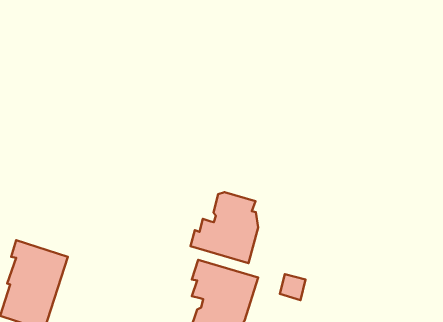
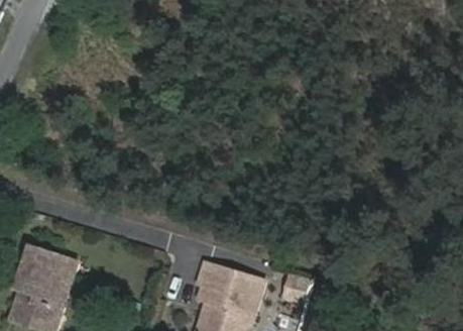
building: [191,192,258,263] -> none

